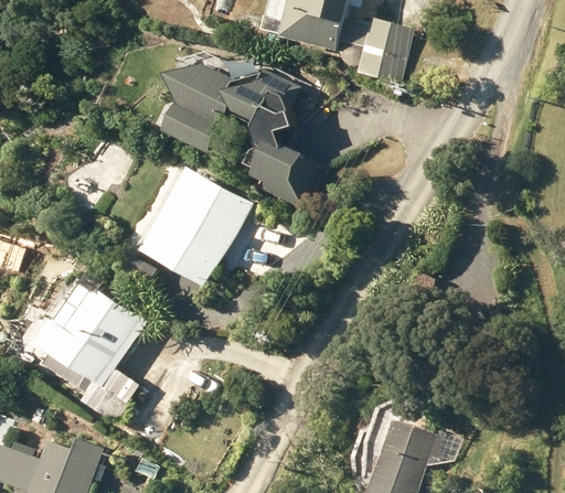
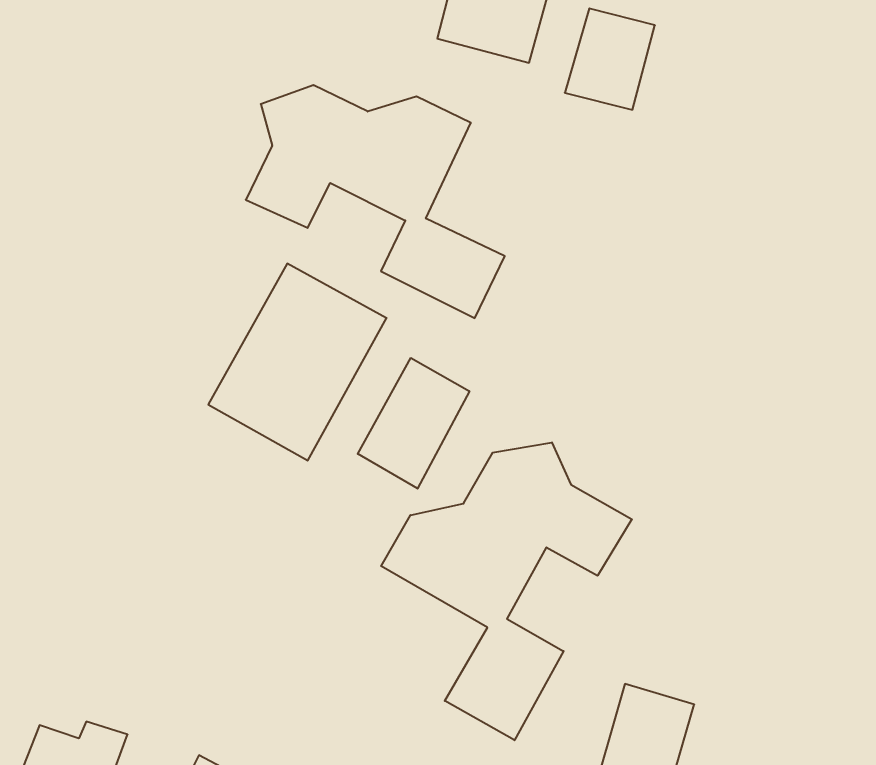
building: none -> [358,358,469,489]
building: none -> [381,442,632,740]
building: [38,288,139,418] -> none

